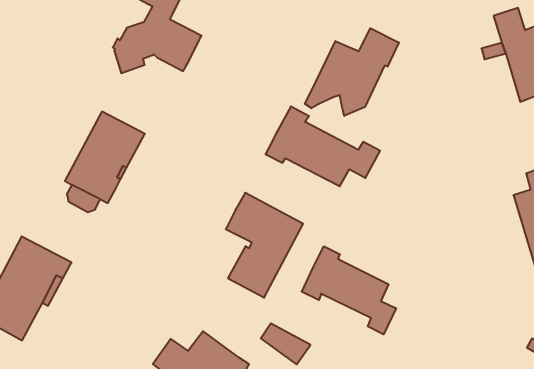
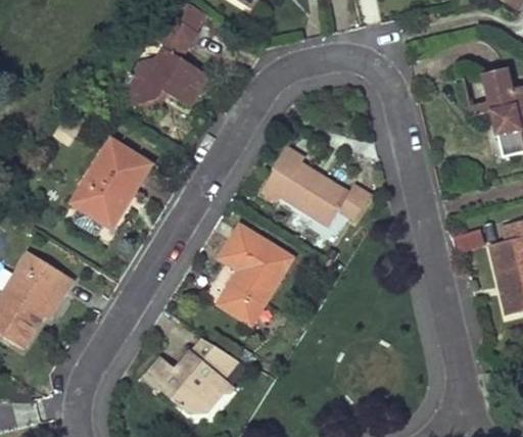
building: [305,28,399,116] -> none
building: [302,246,396,334] -> none
building: [261,323,310,364] -> [192,338,238,378]

